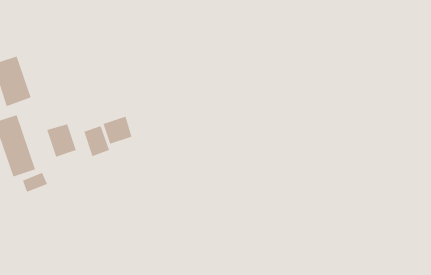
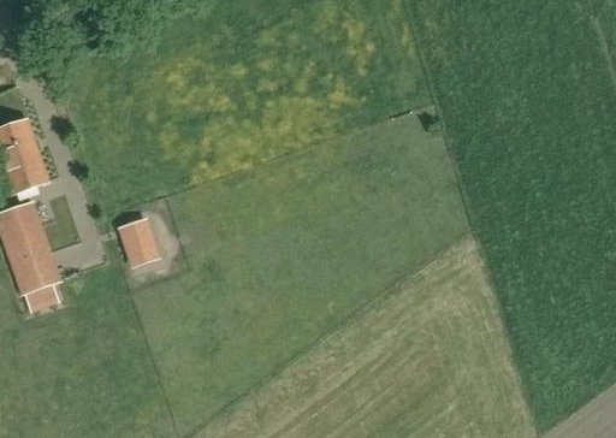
building: [103,116,132,144] -> none
building: [46,123,76,158] -> none

